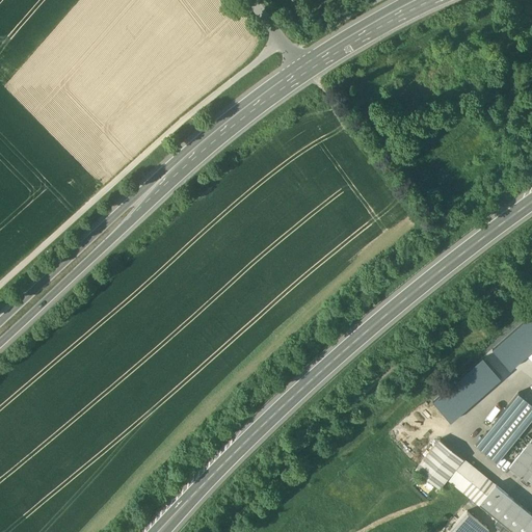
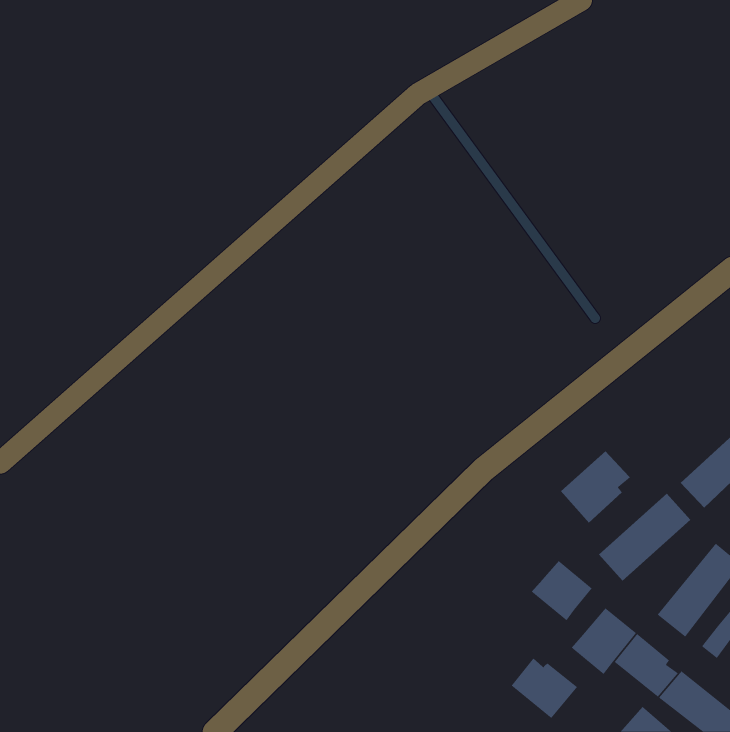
building: none -> [560,450,634,523]
building: none -> [531,560,592,621]
building: none -> [511,654,578,719]

